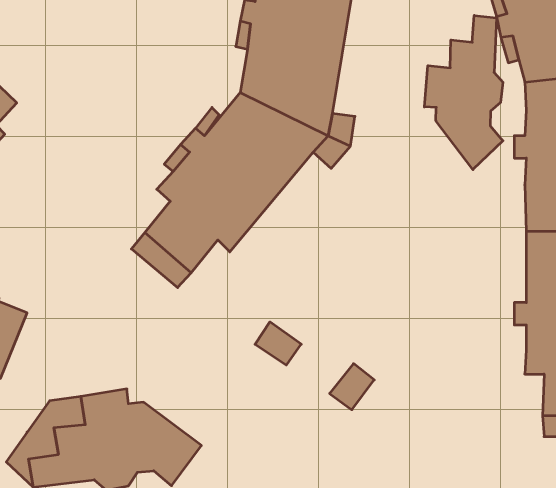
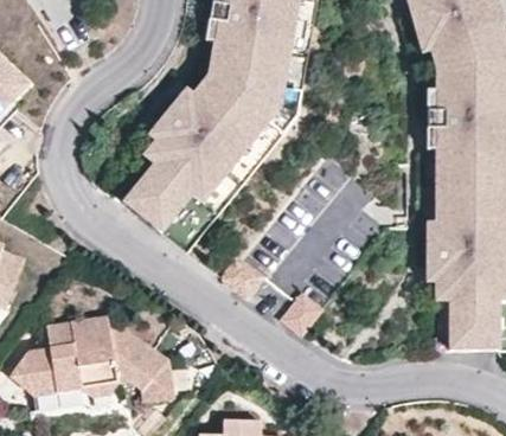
building: [424,15,503,170] -> none

